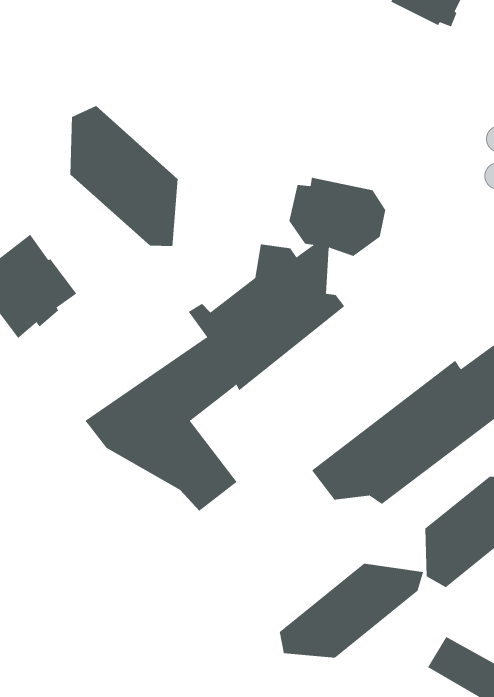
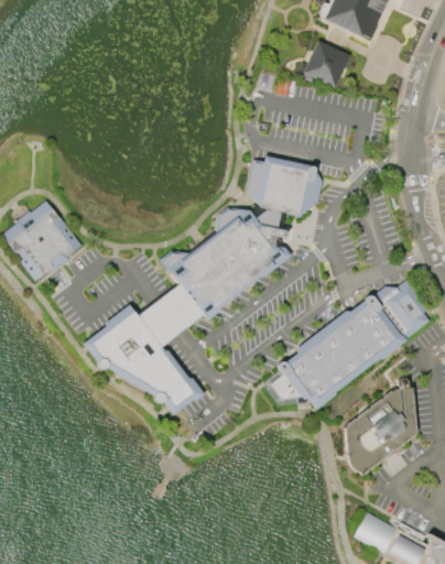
building: none -> [295,40,348,87]
building: [70,105,178,247] -> none
building: [279,563,424,659] -> none

